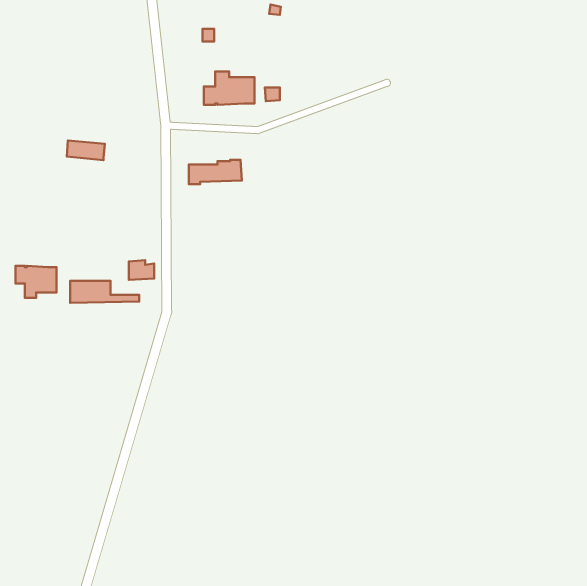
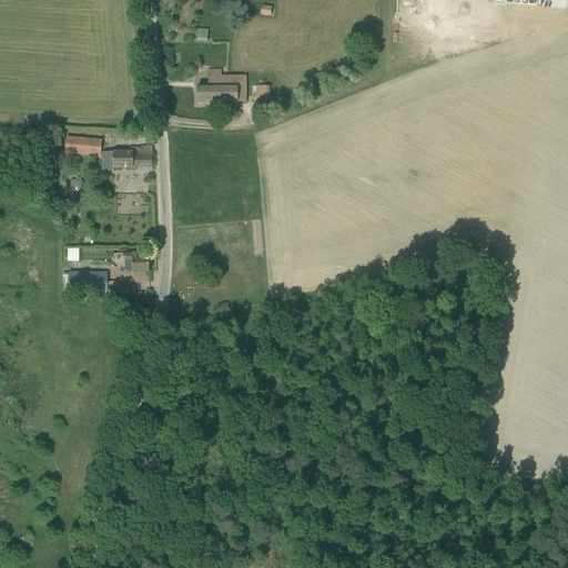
building: [189,160,242,184] -> [101,145,152,169]
building: [16,266,56,298] -> none

